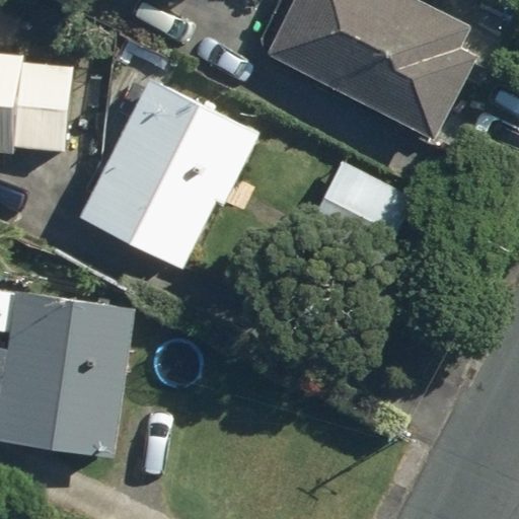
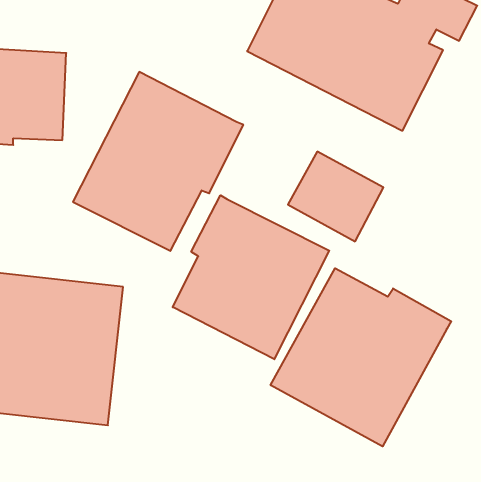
building: none -> [173,195,329,359]
building: none -> [271,268,451,446]

